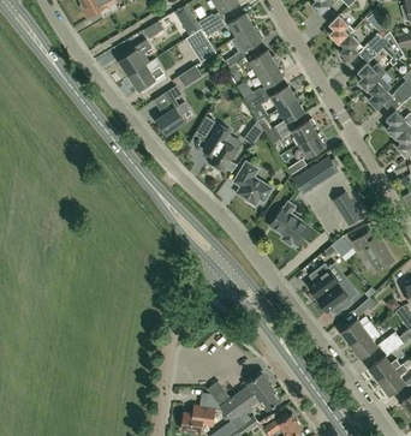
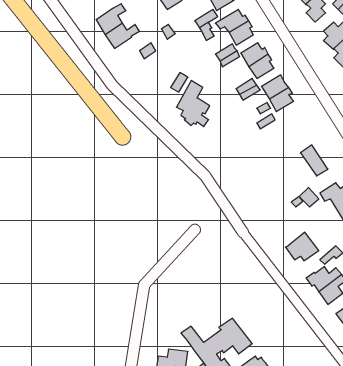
building: [156,103,189,138] -> none
building: [292,157,336,193] -> none
building: [232,163,270,208] -> none
building: [269,203,310,246] -> none
building: [306,264,338,299] -> none

